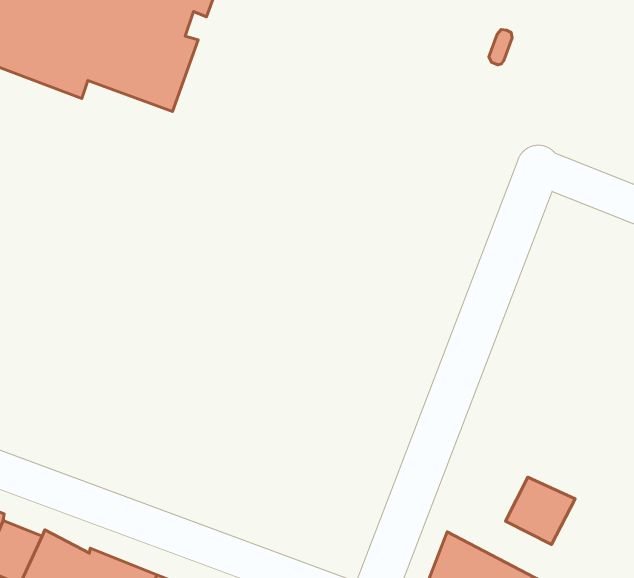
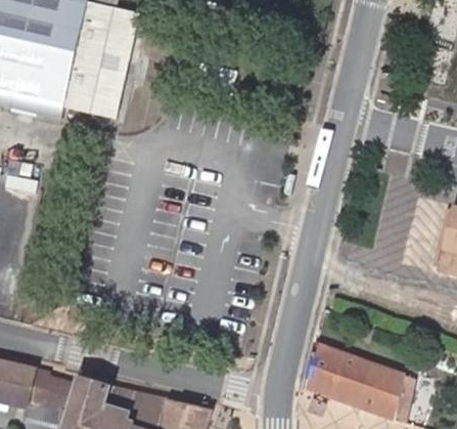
building: [505,477,575,544] -> none

